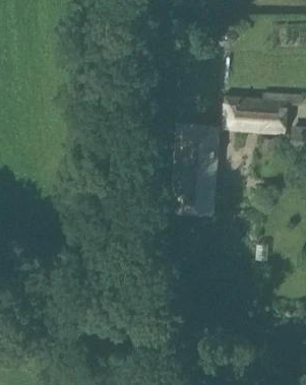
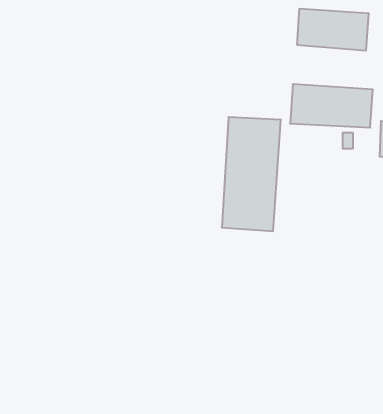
building: none -> [297,9,368,51]

